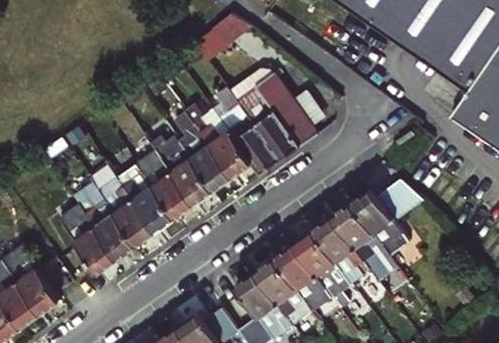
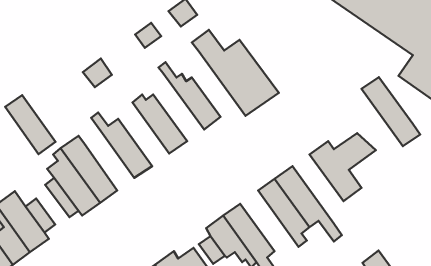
building: [217,85,283,173] -> none
building: [172,110,237,187] -> none
building: [141,147,198,215] -> none
building: [102,176,159,242] -> [5,95,56,154]
building: [335,202,401,279] -> [362,77,420,146]
building: [277,242,342,320] -> none

